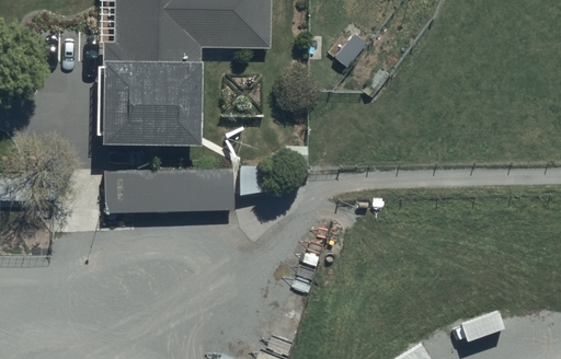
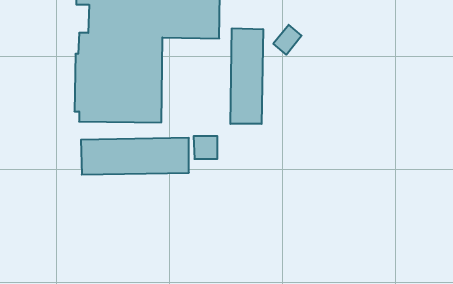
building: none -> [230,28,263,124]

